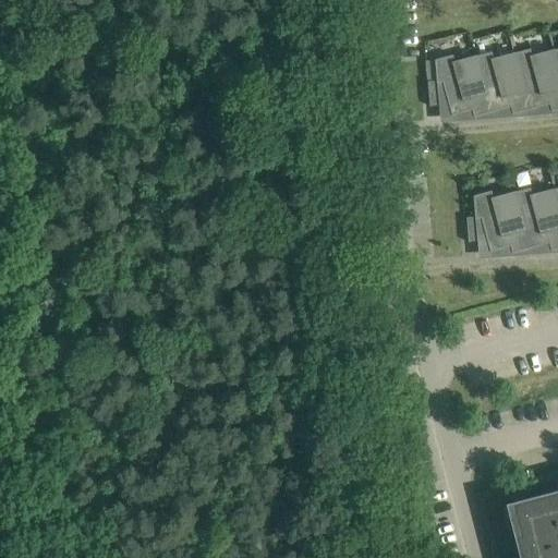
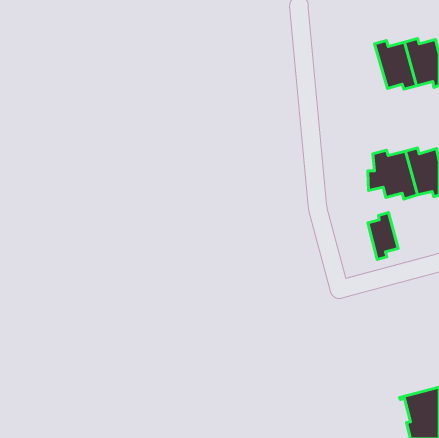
building: [427,56,492,118] -> none
building: none -> [368,213,398,259]

